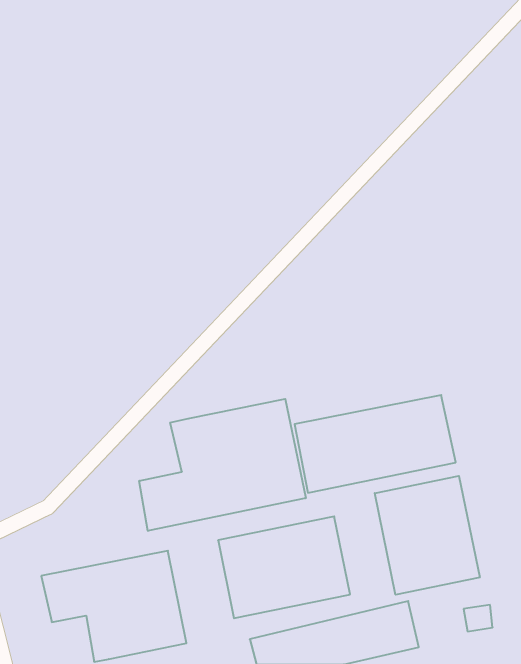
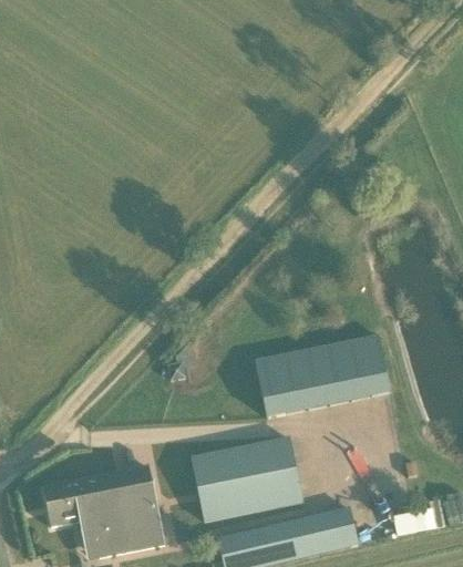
building: [139,399,306,531] -> none
building: [375,476,480,595] -> none

